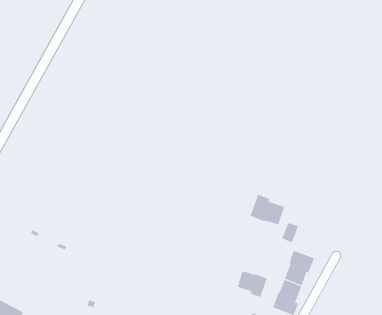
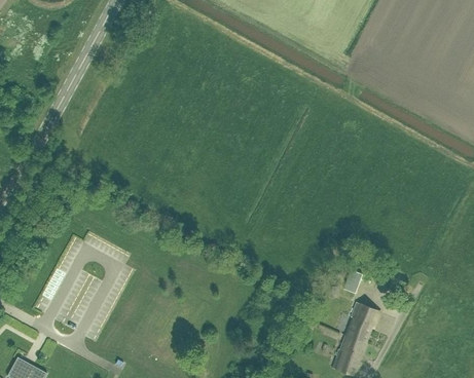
building: [250,194,285,225] -> none
building: [237,271,267,298] -> none

